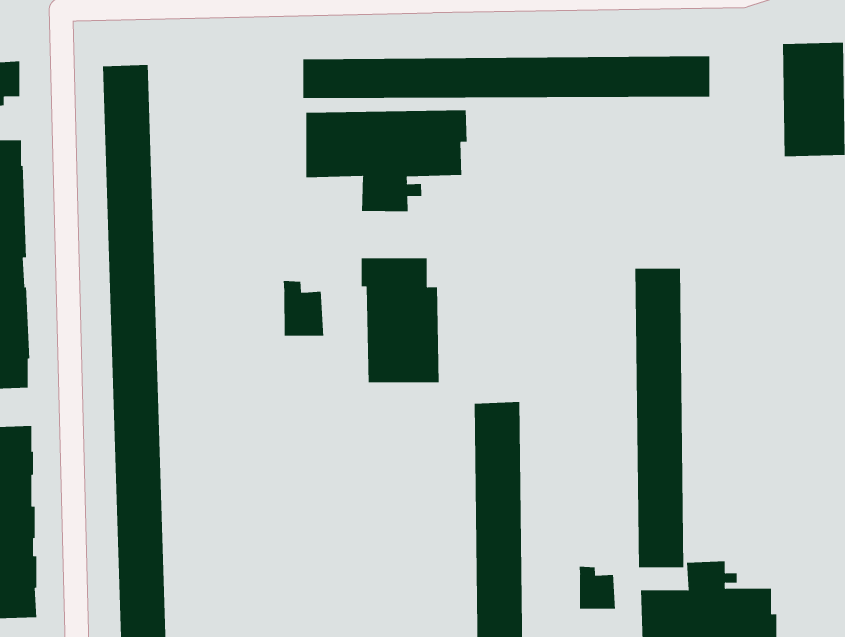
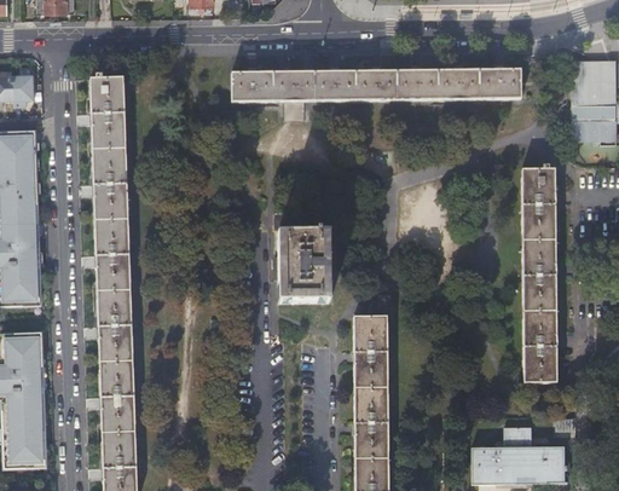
building: [306,109,467,212] -> none
building: [635,268,684,568] -> [521,169,556,381]
building: [283,280,324,337] -> none
building: [579,566,615,609] -> none

